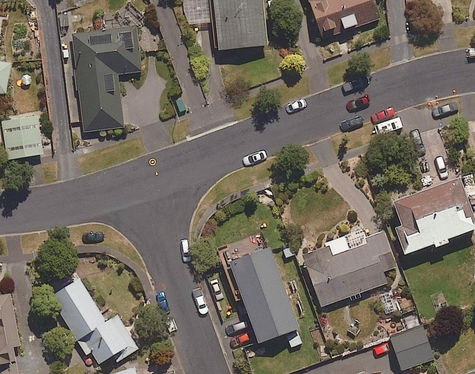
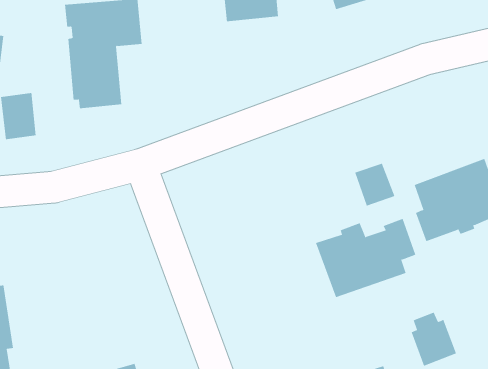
building: none -> [354,163,395,207]
building: [230,247,302,349] -> none
building: [51,277,134,364] -> none

